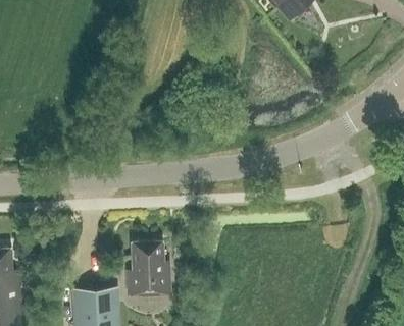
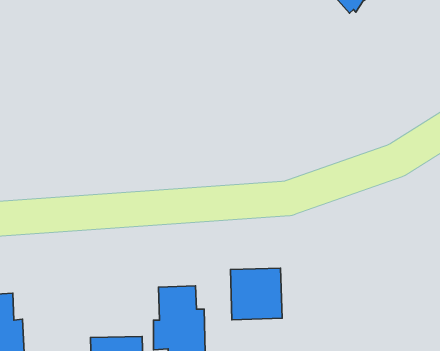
building: none -> [230,268,282,320]

